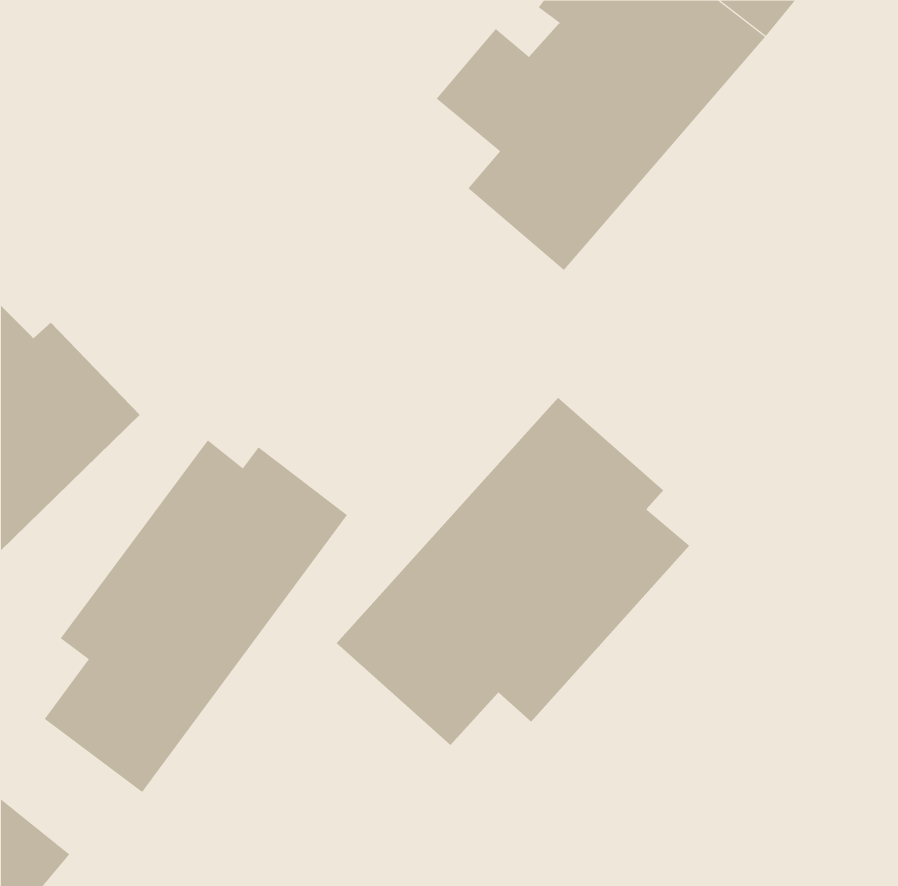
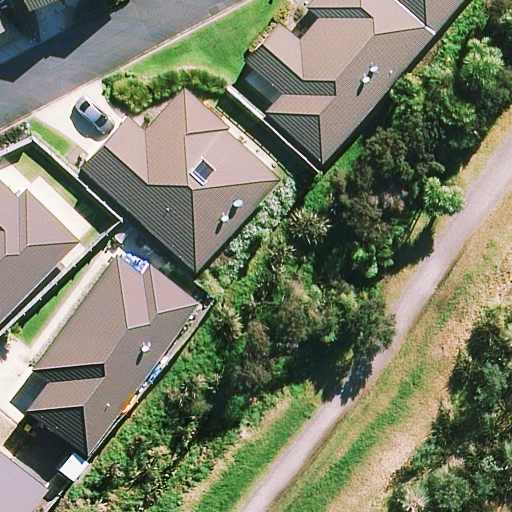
building: none -> [83,89,279,270]
building: [336,397,690,746] -> none

